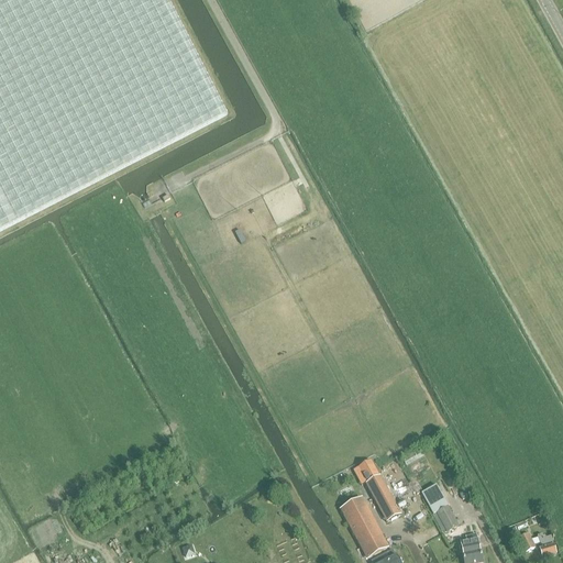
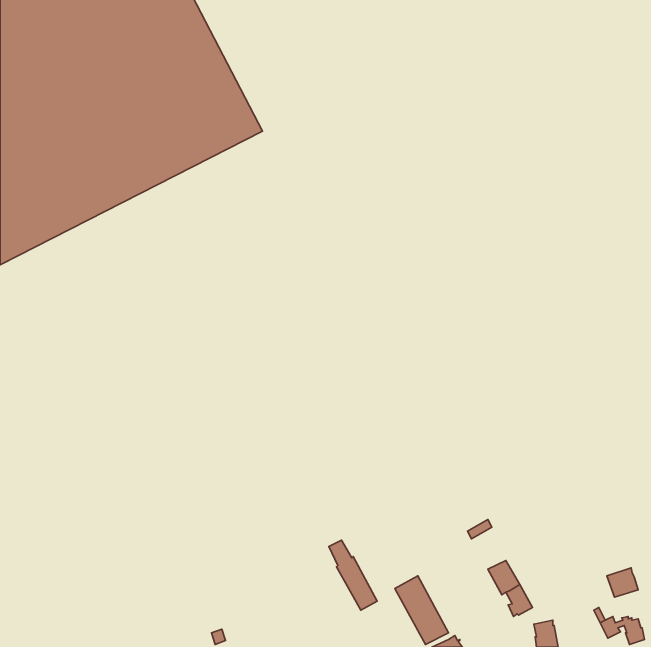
building: [360,460,401,520] -> [329,540,377,610]
building: none -> [607,568,638,597]

